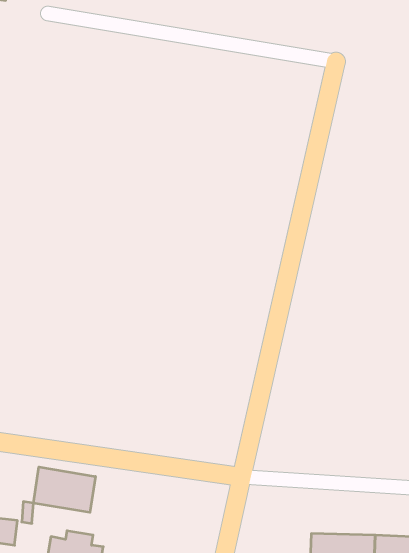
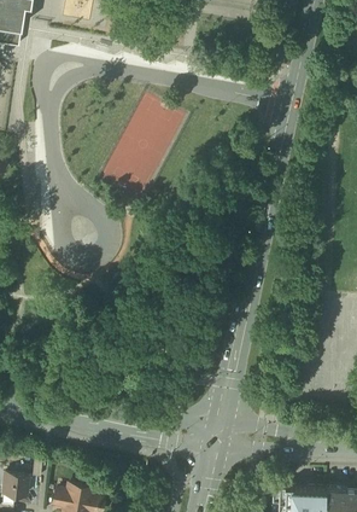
building: [33,467,95,512] -> none

